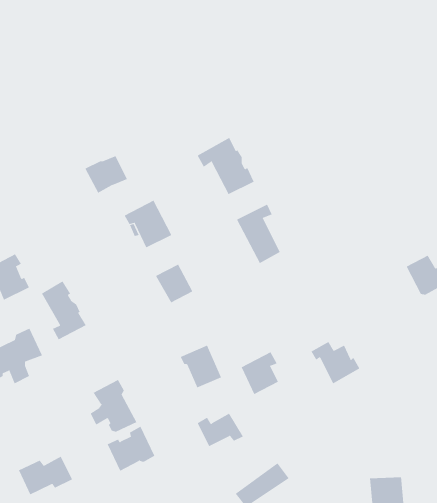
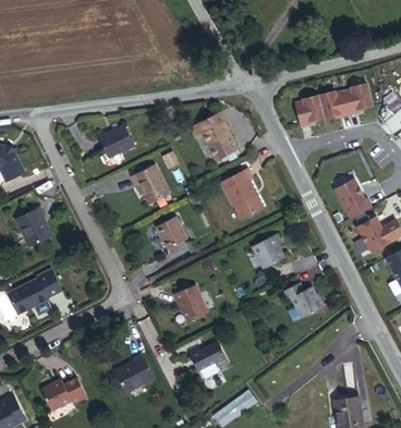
building: none -> [300,77,376,120]
building: none -> [339,175,375,213]
building: [41,280,86,340] -> none
building: [241,352,279,395] -> [250,235,281,271]
building: [90,379,137,433] -> none

